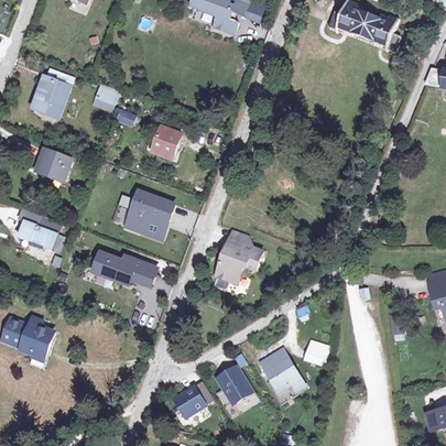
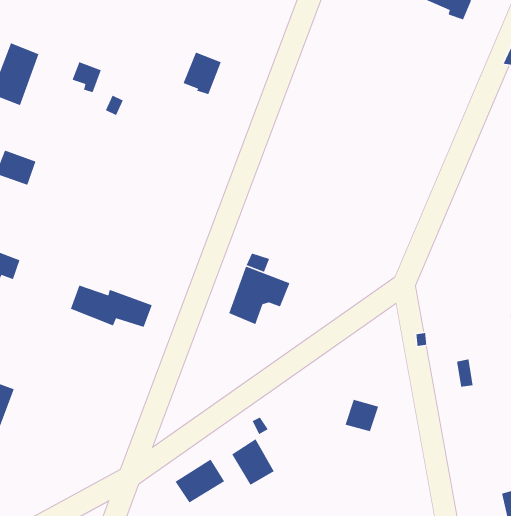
building: [152,127,182,160] -> [183,52,222,95]
building: [126,191,174,238] -> none
building: [259,350,304,394] -> none

